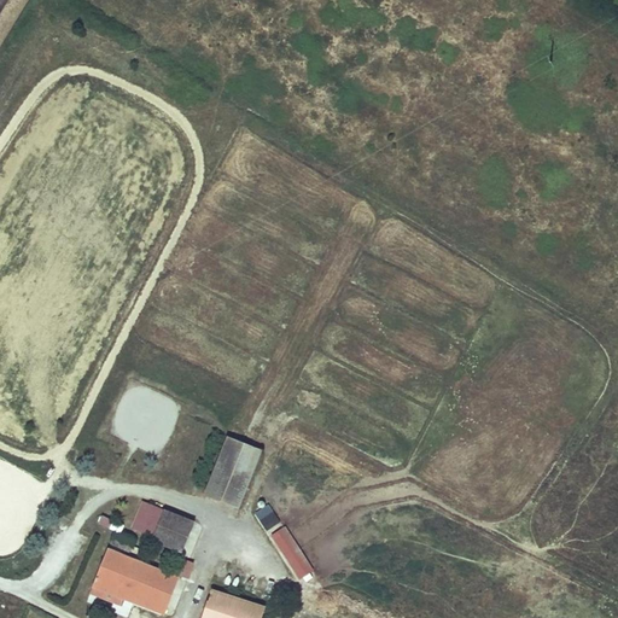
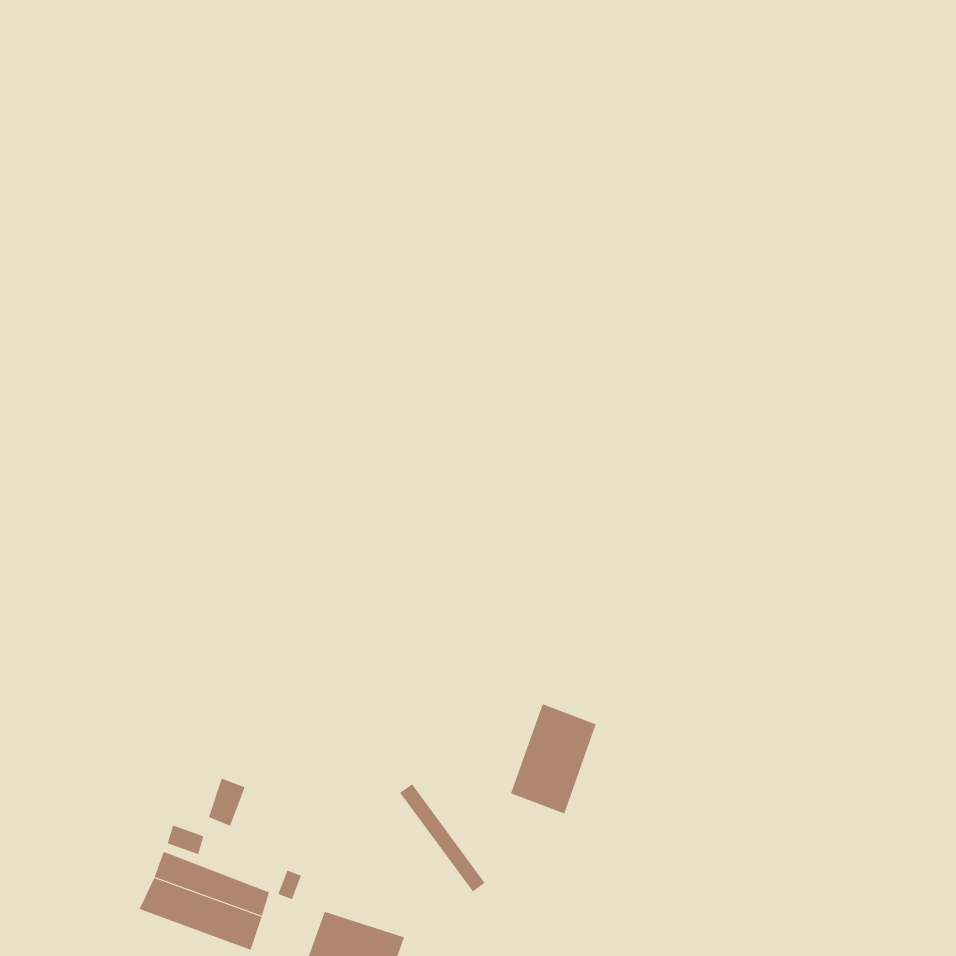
building: [206,437,262,508] -> [510,703,597,814]
building: [146,508,188,550] -> none

